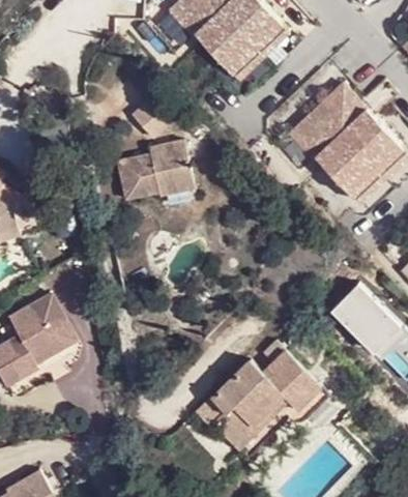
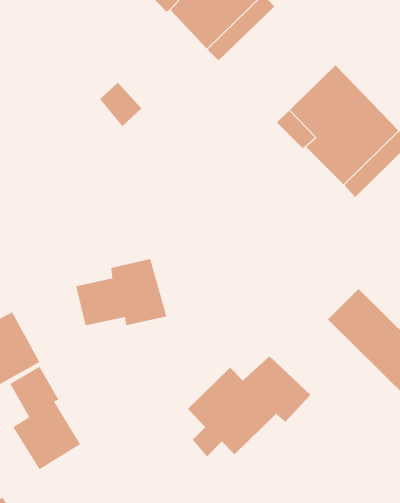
building: [116,141,198,201] -> [76,258,167,326]
building: none -> [10,366,81,470]
building: [223,377,326,454] -> none

